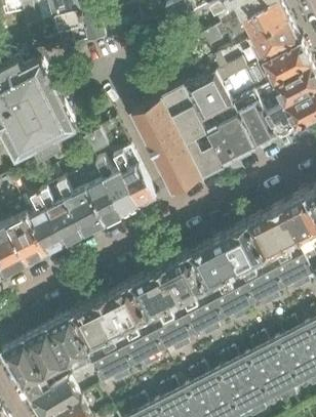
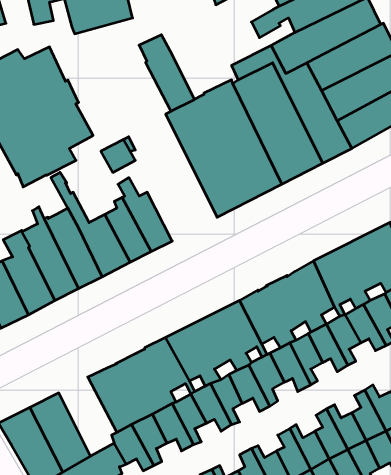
building: [112,150,155,209] -> [139,35,194,111]
building: [48,315,93,376] -> none

